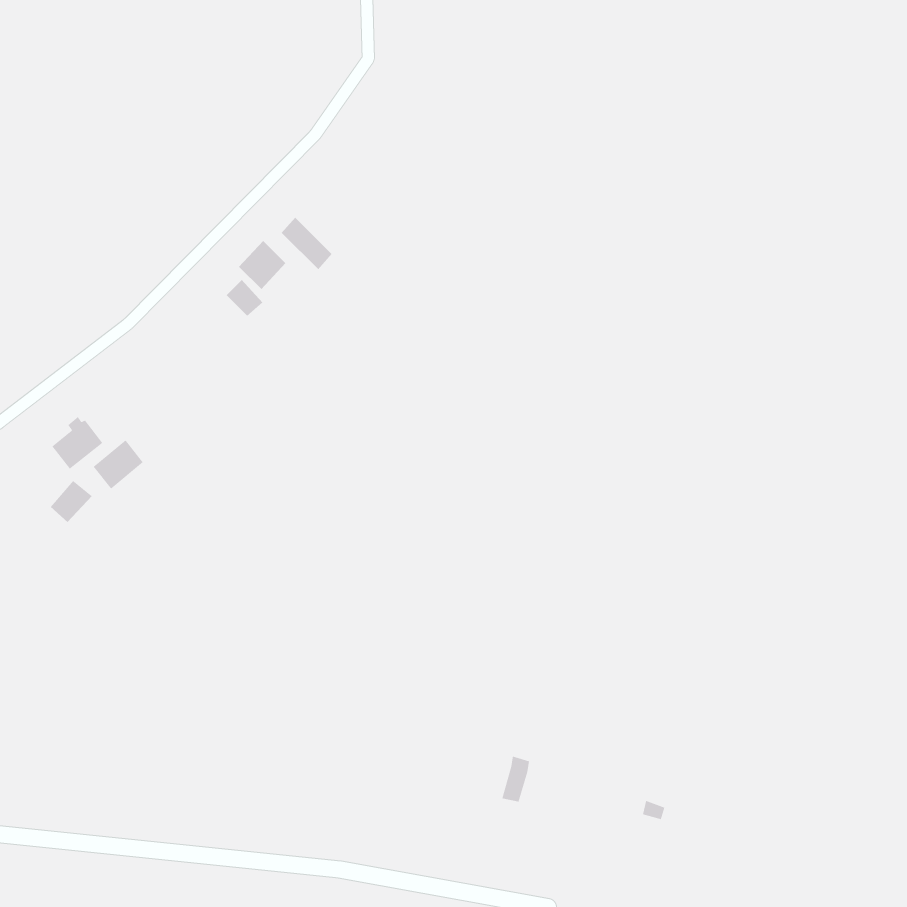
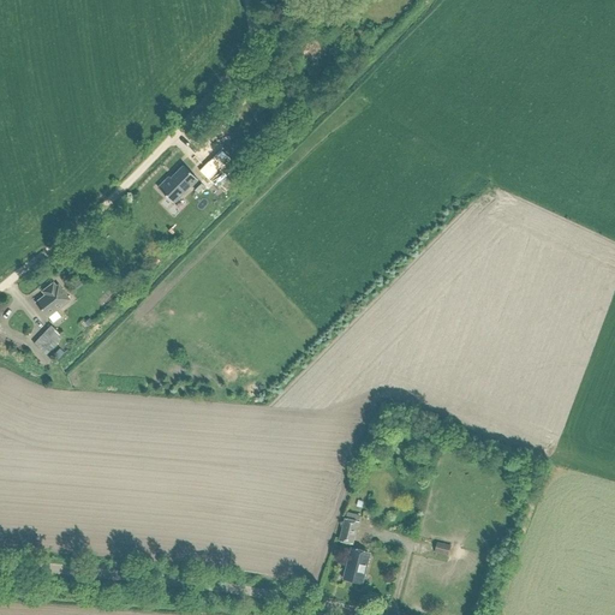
building: [93,440,144,489] -> none
building: none -> [342,547,370,583]

